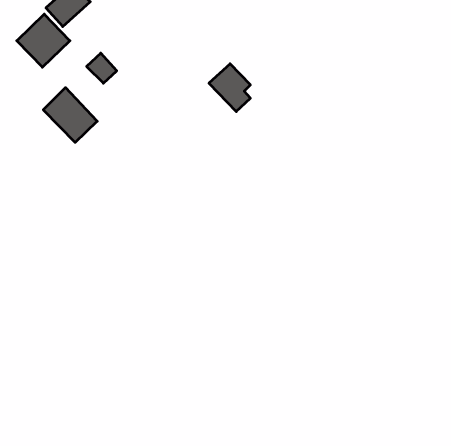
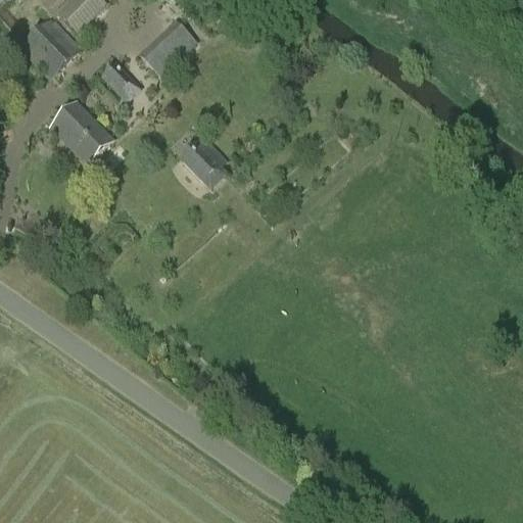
building: none -> [138,19,196,77]
building: [209,64,250,112] -> [179,135,227,190]

